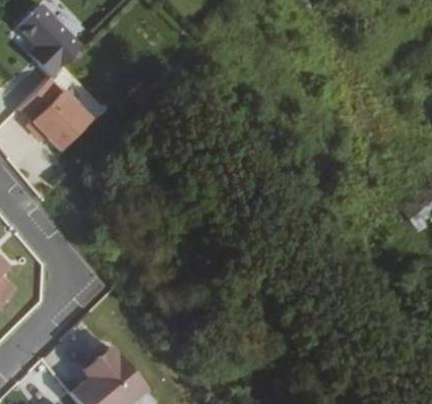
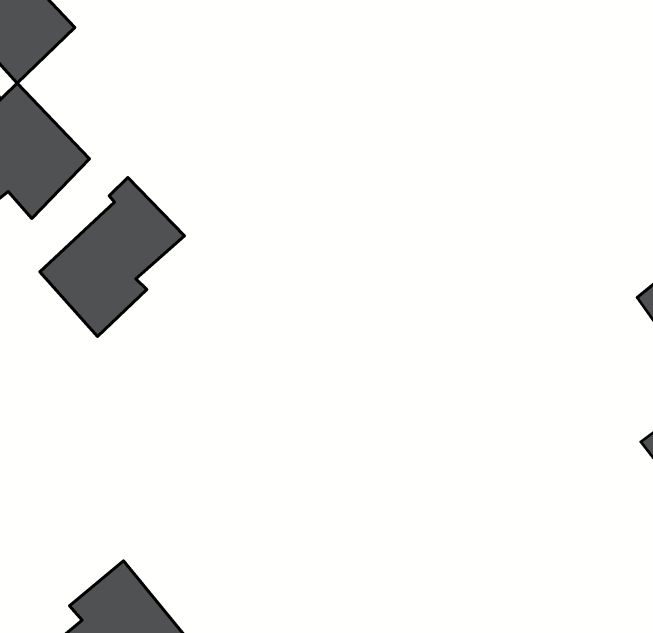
building: none -> [40,177,185,337]

